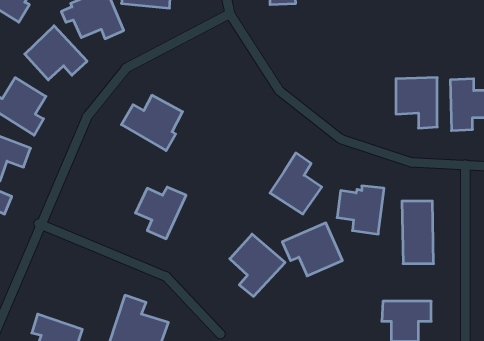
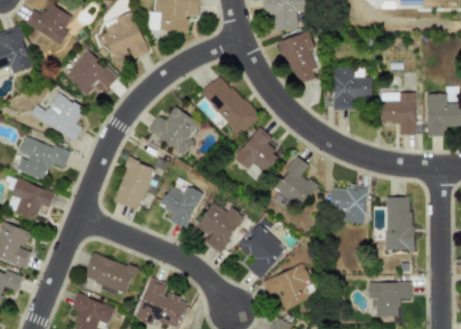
building: none -> [277,34,316,88]
building: none -> [334,67,373,110]
building: none -> [202,74,262,136]
building: none -> [236,126,282,170]
building: none -> [114,159,155,210]
building: none -> [197,201,245,253]
building: [282,223,342,276] -> [264,265,315,310]
building: none -> [85,252,137,294]

